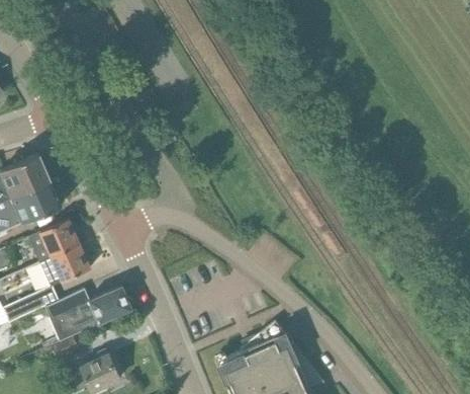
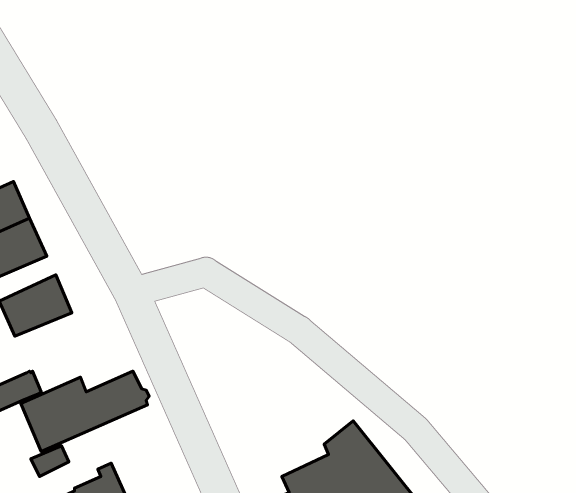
building: [39,245,90,287] -> none

